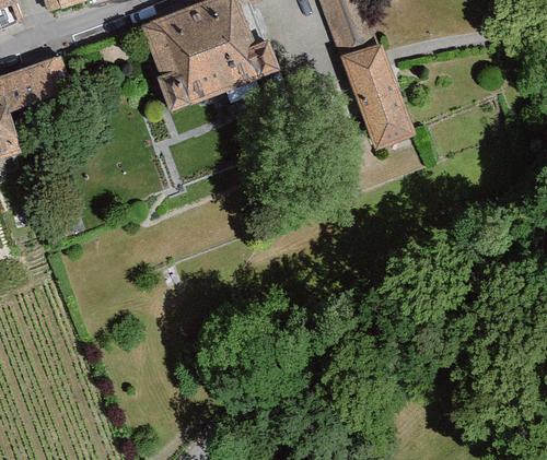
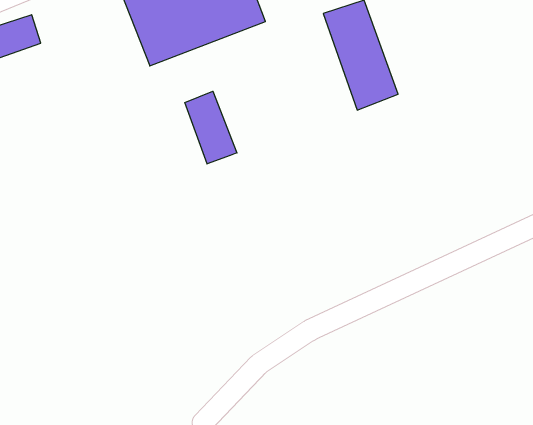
building: none -> [185,91,237,164]

